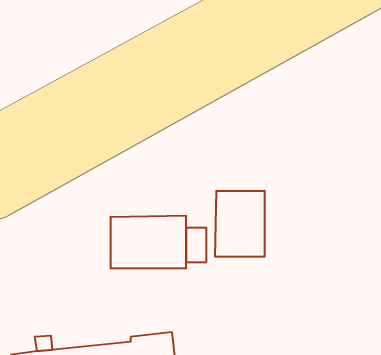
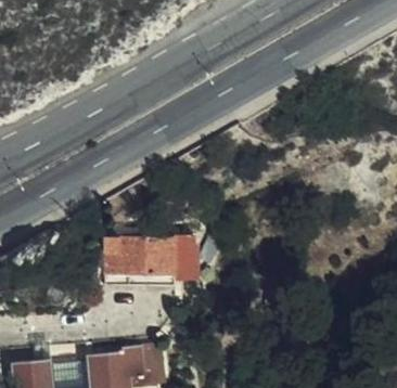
building: [215,191,265,257] -> none

